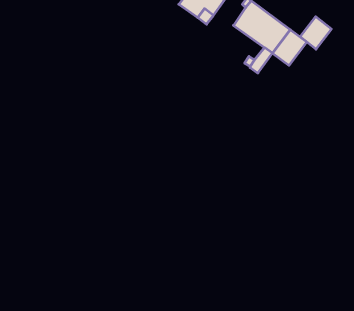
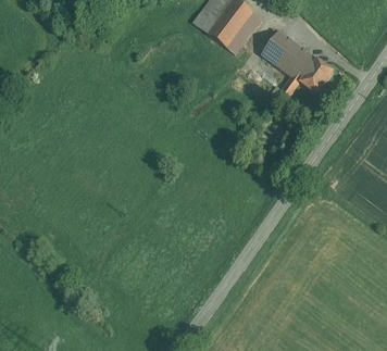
building: [300,17,331,49] -> none

